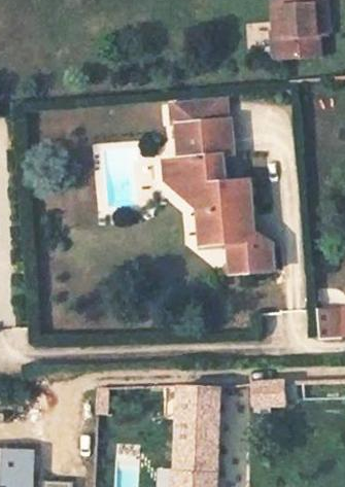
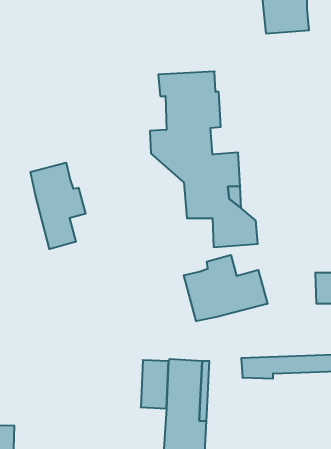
building: none -> [30,163,86,249]
building: none -> [184,255,267,321]

